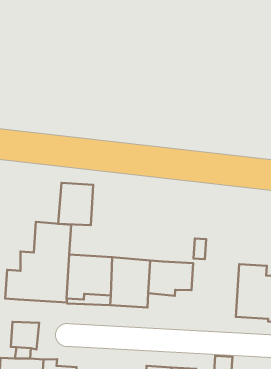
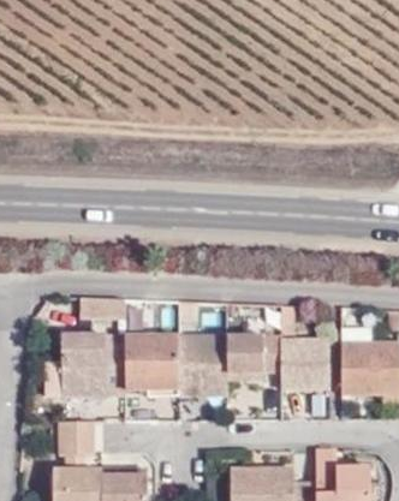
building: [58,183,93,225] -> none
building: none -> [281,336,329,388]

